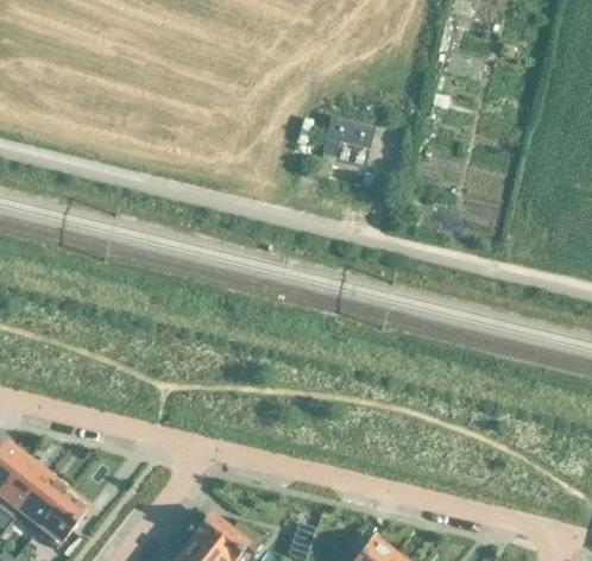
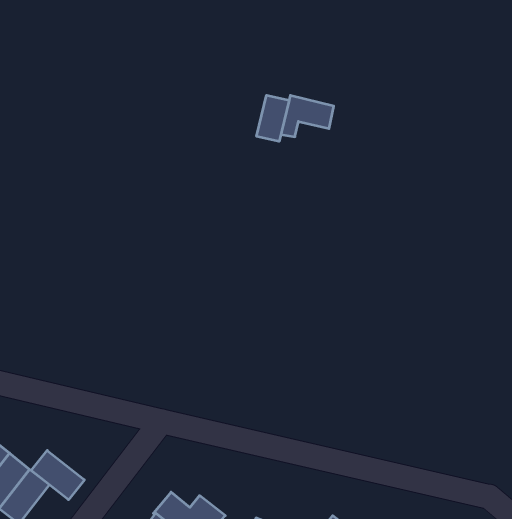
building: none -> [257,95,289,141]
building: none -> [31,450,84,500]

